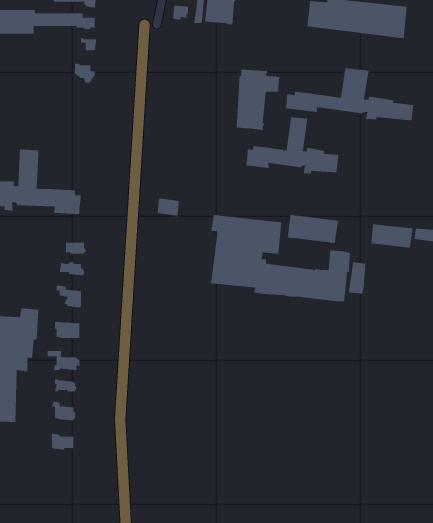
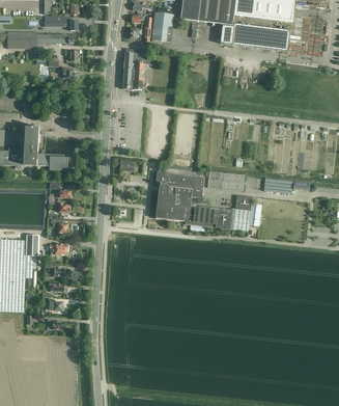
building: [285,68,414,121] -> none
building: [236,69,280,130] -> [123,48,153,89]
building: [246,116,339,174] -> none

